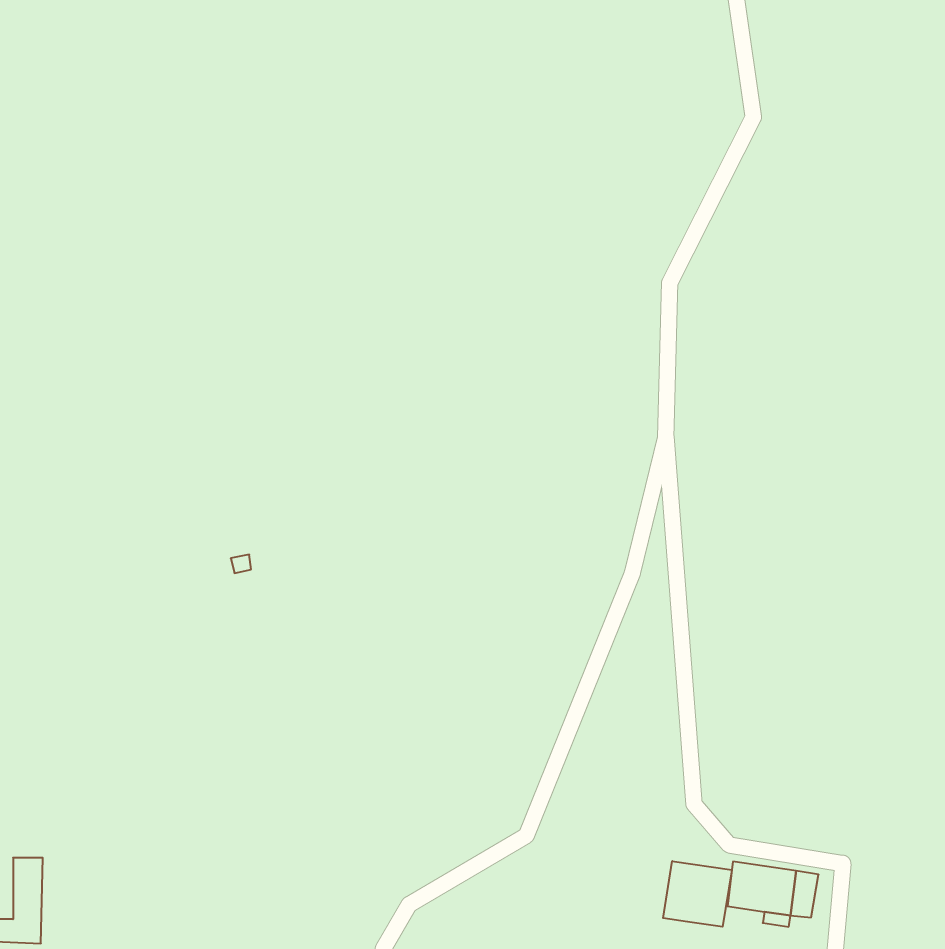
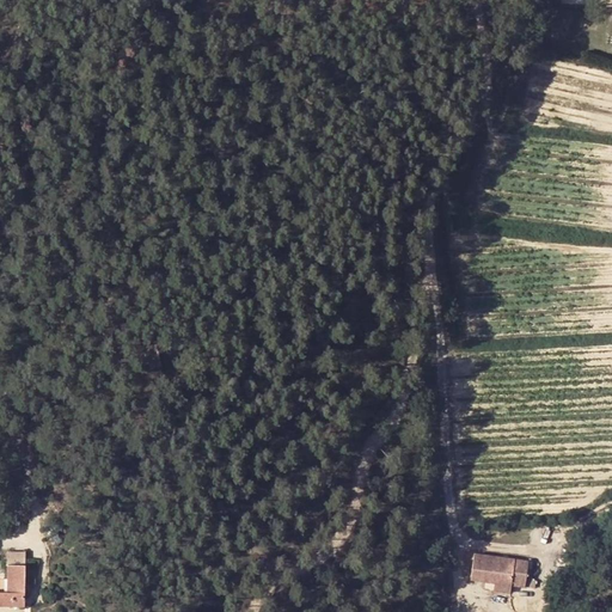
building: [663,861,732,927] -> none

